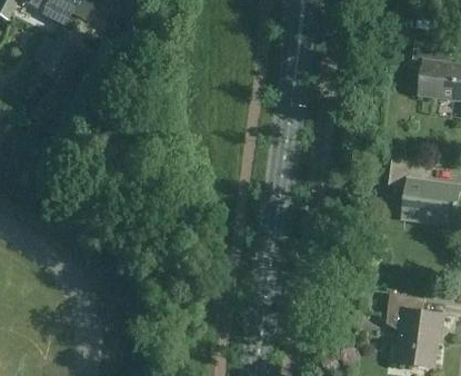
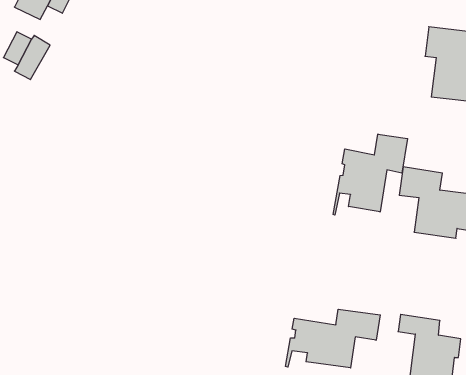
building: none -> [333,134,408,215]
building: none -> [285,309,380,368]

